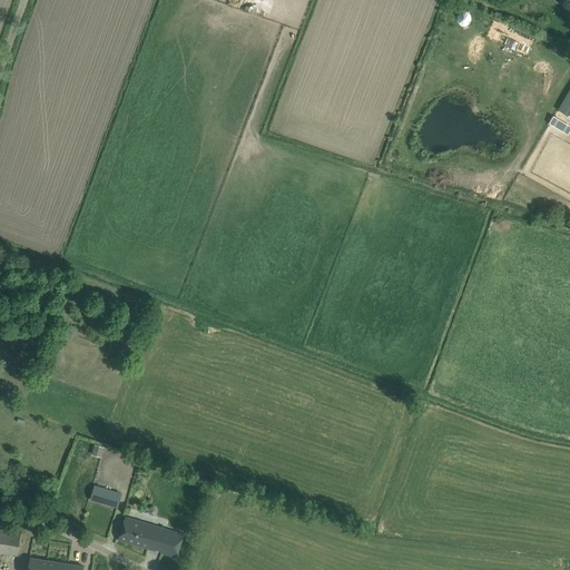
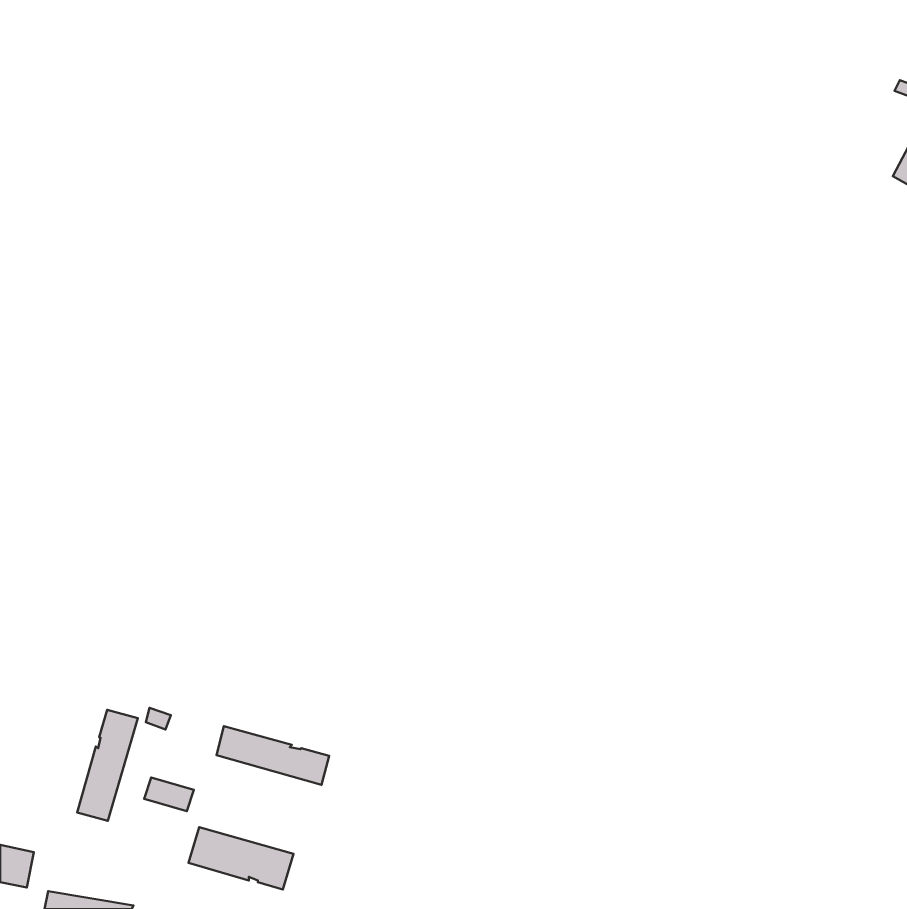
building: none -> [77,710,138,821]
building: none -> [216,726,329,785]

